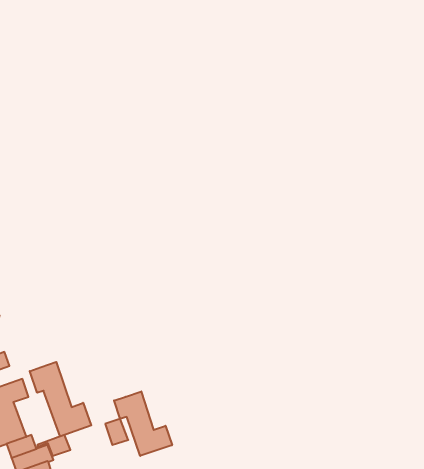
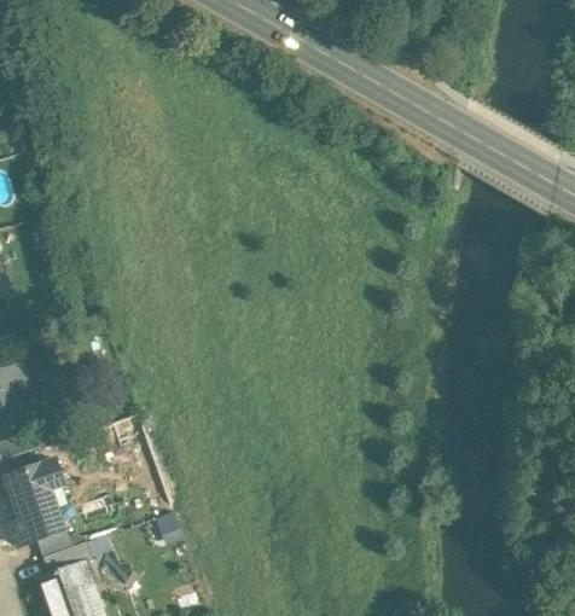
building: [30,362,91,436] -> none
building: [114,391,172,456] -> none

